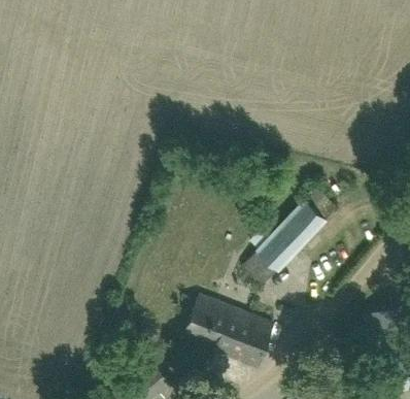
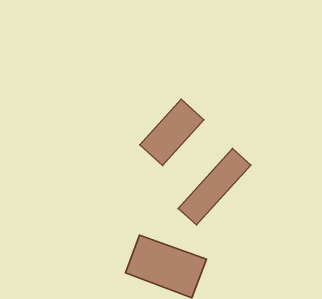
building: none -> [140,99,204,165]

